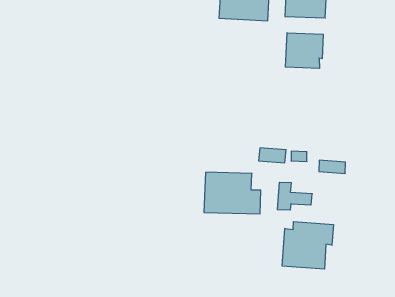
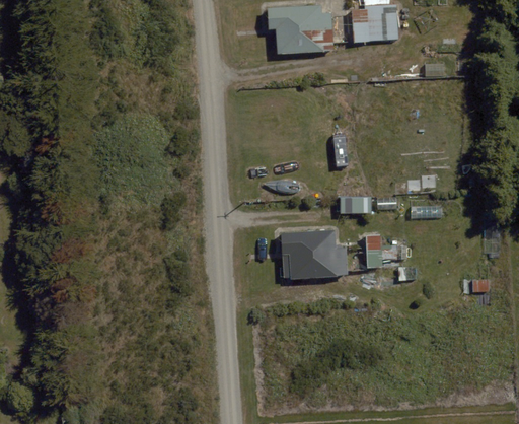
building: [285,33,323,68] -> none
building: [282,222,333,269] -> none

